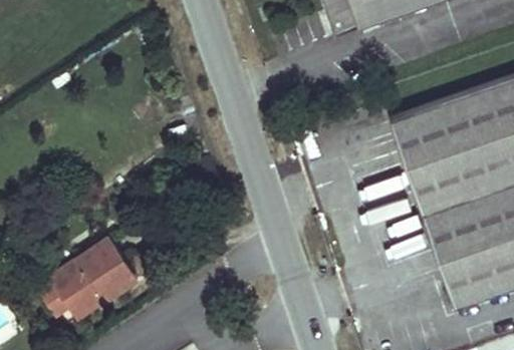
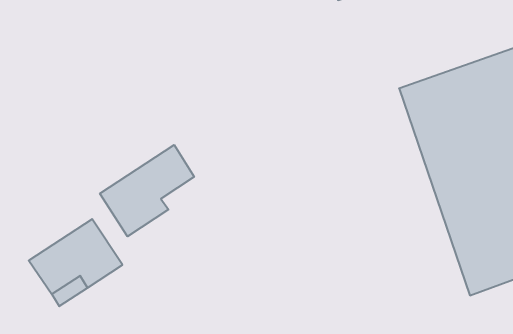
building: none -> [100,145,194,236]

